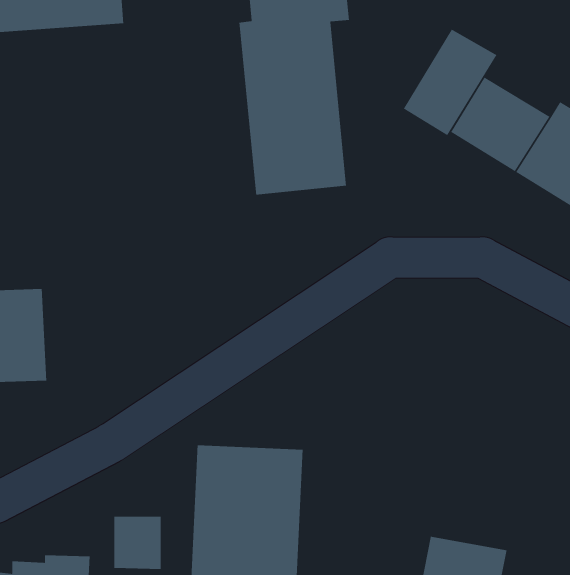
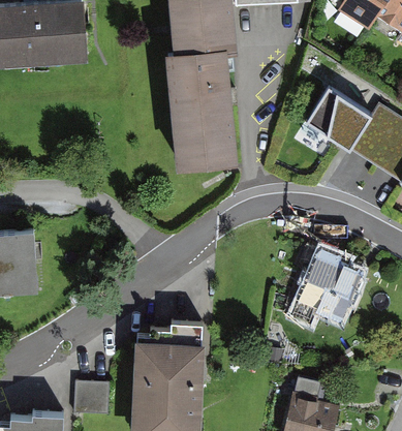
building: [403,29,497,136] -> none
building: none -> [290,246,364,322]

